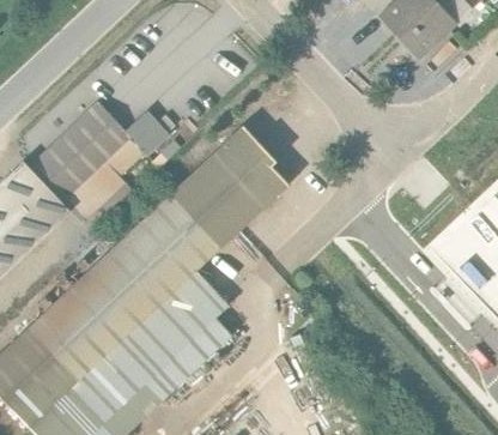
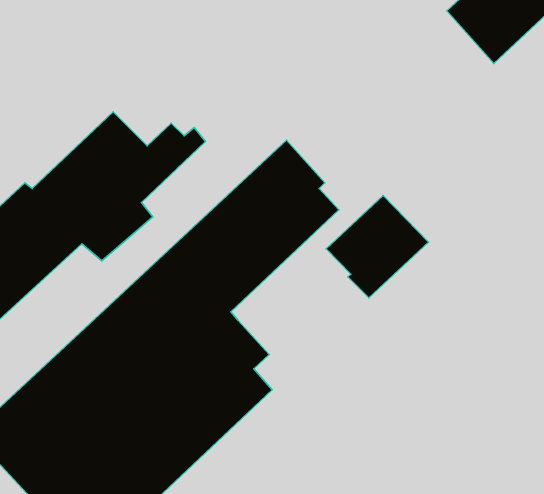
building: none -> [326,196,429,298]

